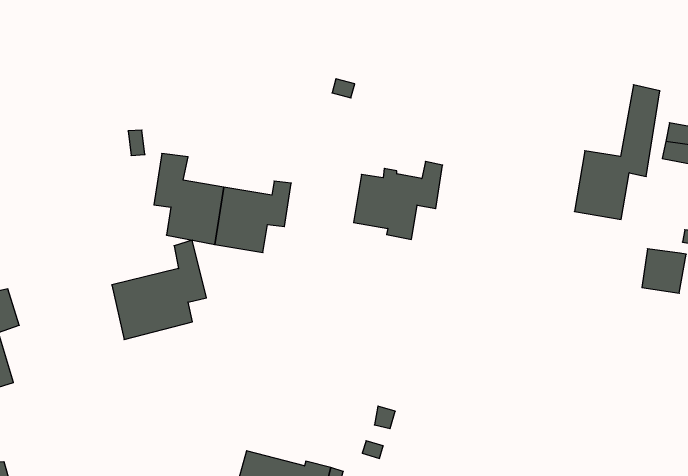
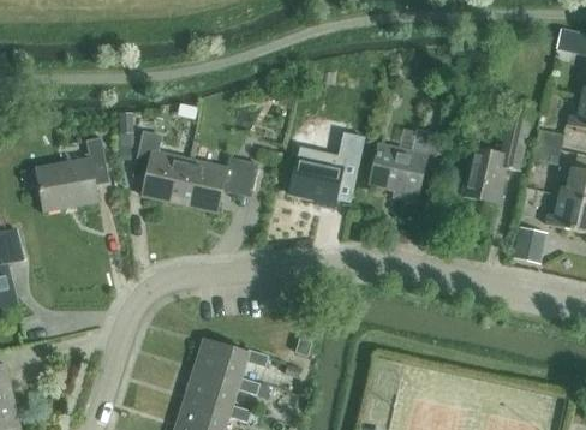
building: none -> [370,127,444,199]
building: [112,240,206,340] -> [36,136,109,210]
building: none -> [195,336,268,380]

